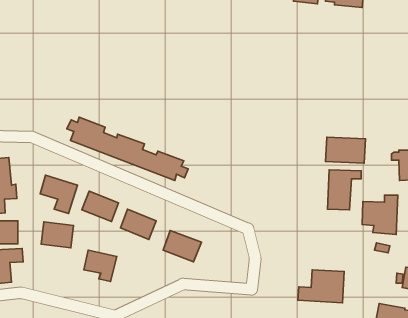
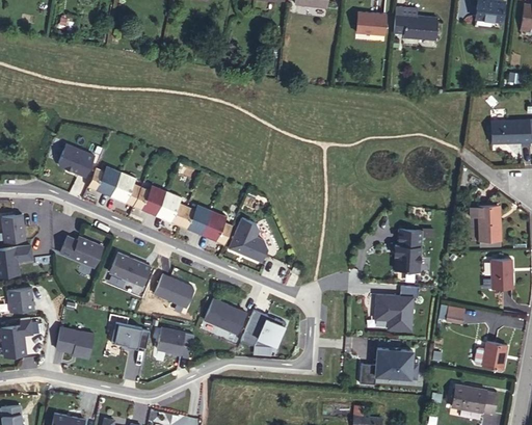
building: none -> [57,143,96,179]
building: [325,137,365,163] -> none
building: none -> [228,217,270,264]
building: [362,195,398,234] -> [374,287,416,333]
building: [41,222,73,248] -> [56,327,94,357]
building: none -> [241,310,286,350]
building: none -> [157,326,186,355]

